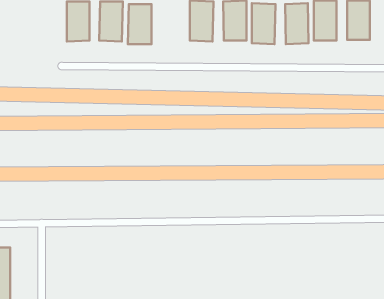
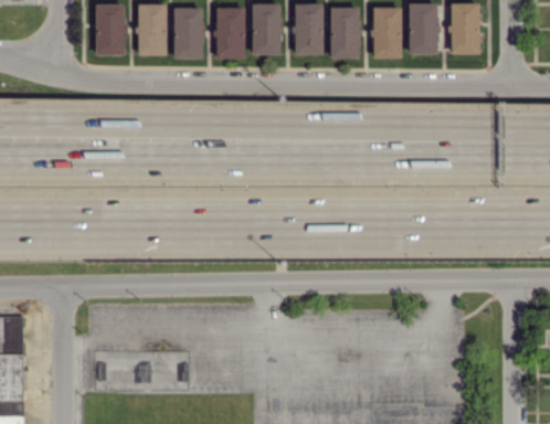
building: none -> [215,8,245,59]

